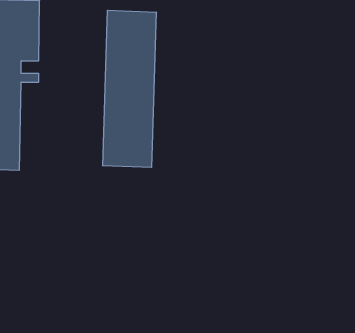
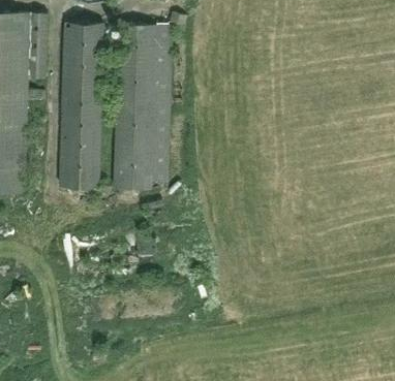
building: none -> [59,23,104,187]

